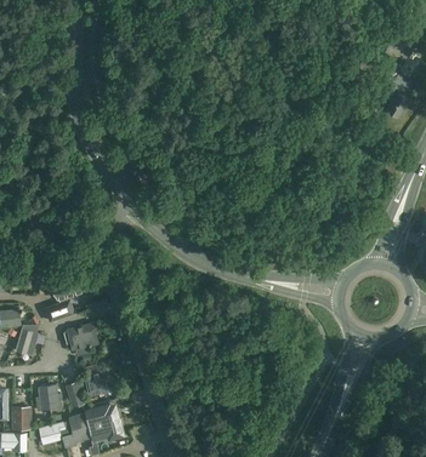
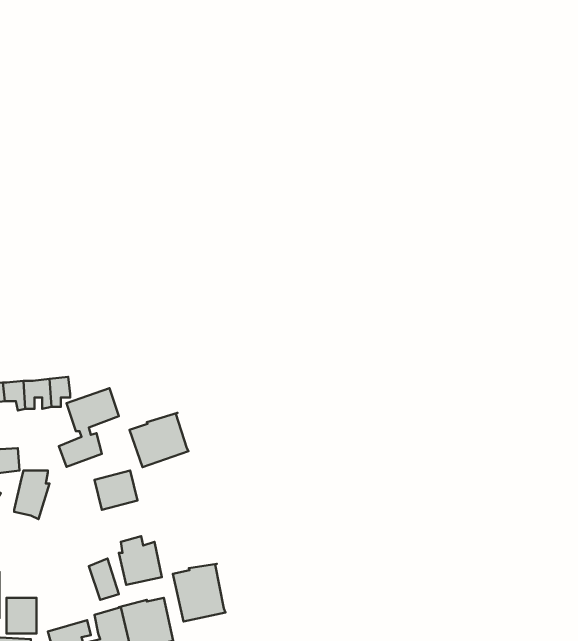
building: none -> [130,413,189,467]
building: none -> [173,564,226,622]
building: [34,384,62,411] -> none

